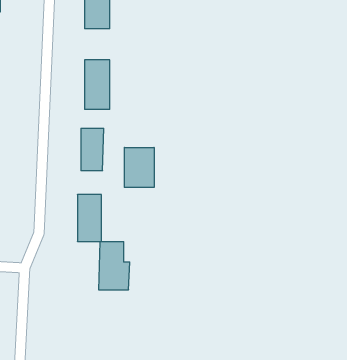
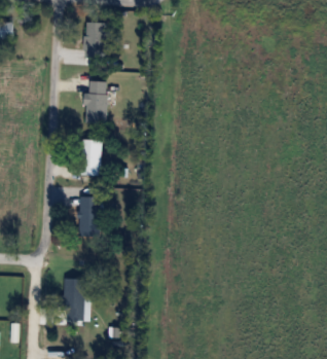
building: [124,147,154,187] -> none
building: [99,242,130,290] -> [64,280,90,321]

